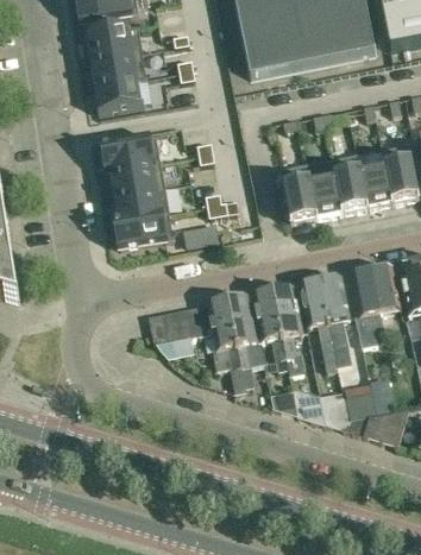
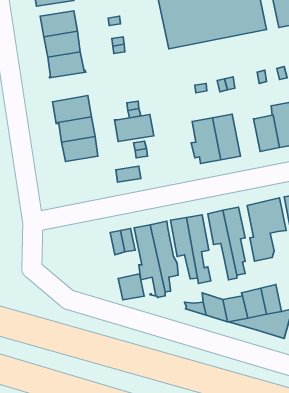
building: [332,152,367,212] -> none
building: [115,212,165,246] -> [115,114,154,141]
building: [149,309,182,342] -> [118,274,144,300]

